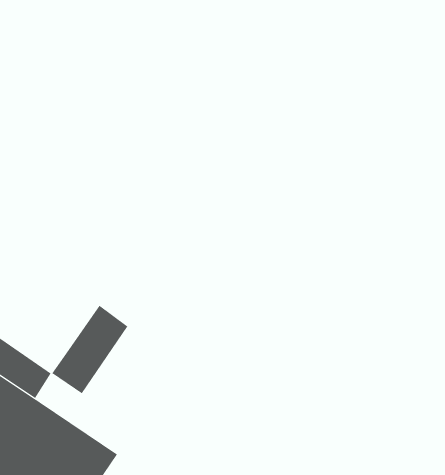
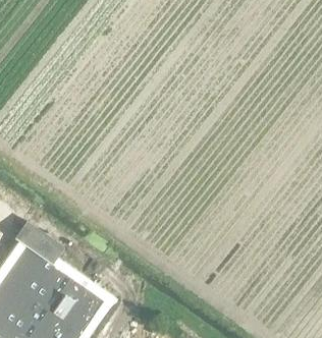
building: [51,305,128,394] -> none

